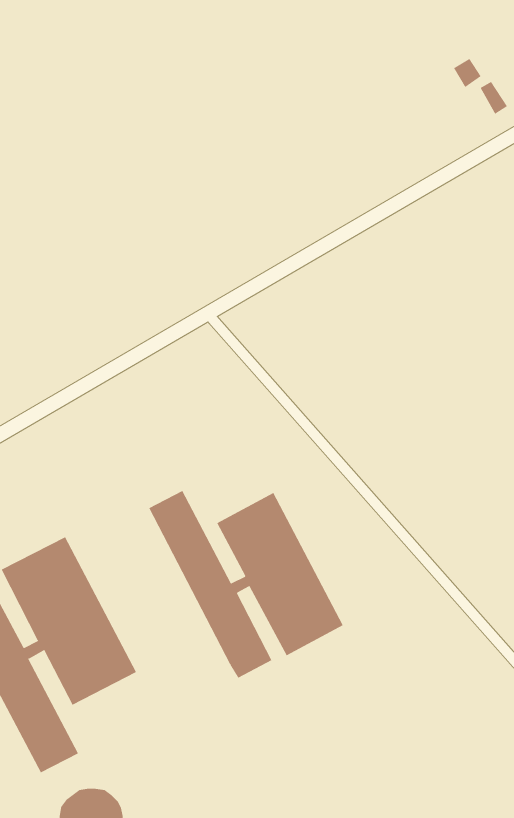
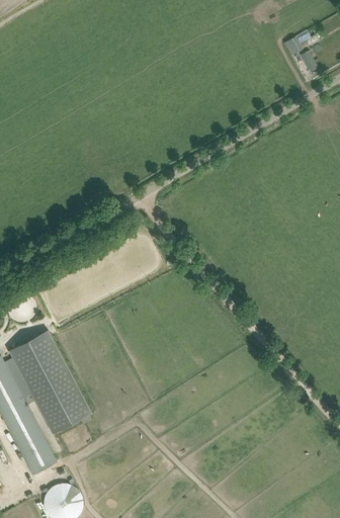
building: [149,490,344,678] -> none

